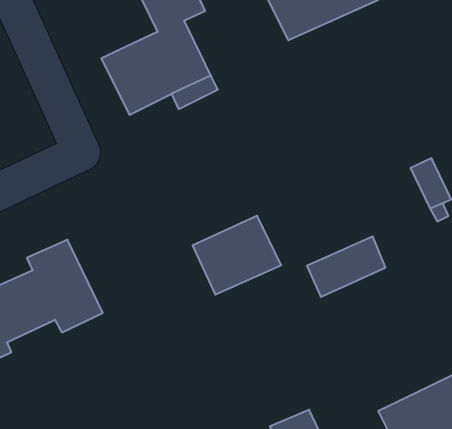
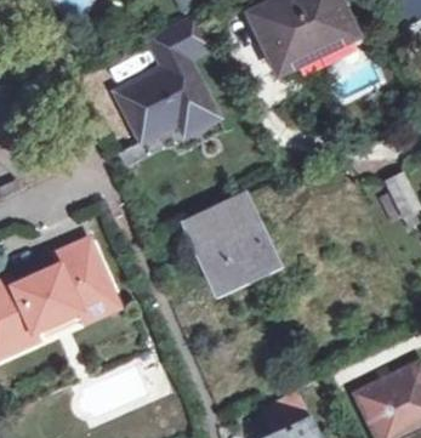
building: [307,236,385,297] -> [183,197,251,249]

